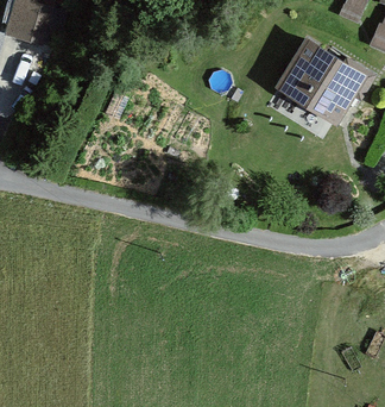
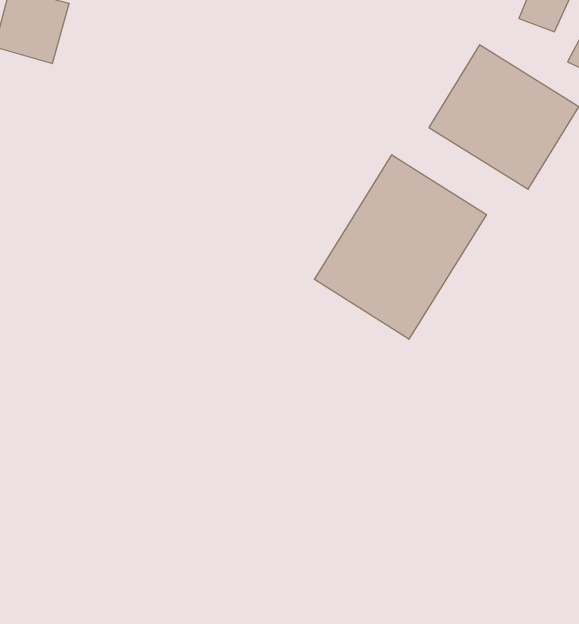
building: none -> [314,155,486,339]

